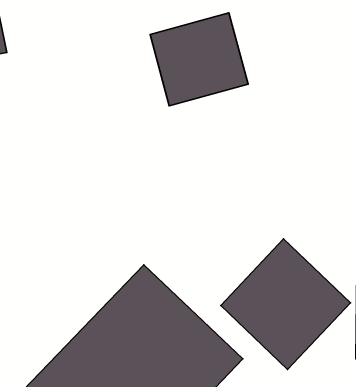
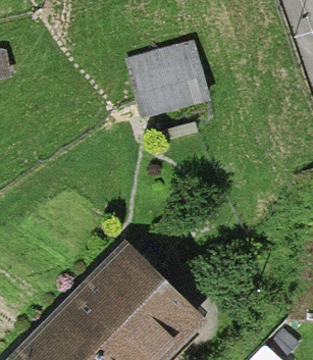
building: [221,239,351,369] -> none

